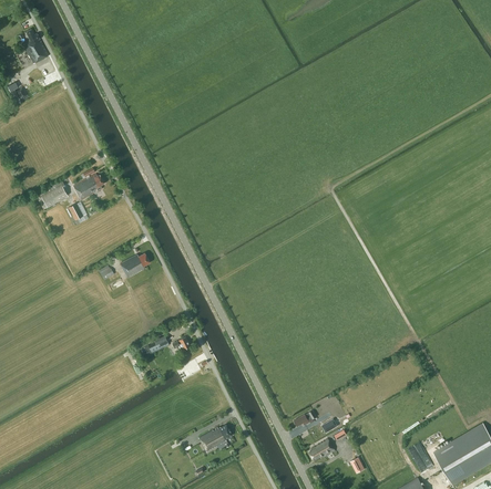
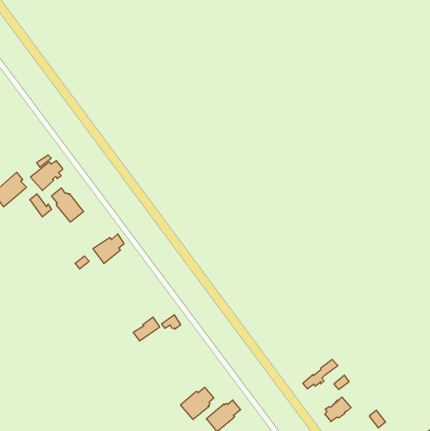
building: none -> [52,188,84,222]
building: none -> [181,387,214,420]

